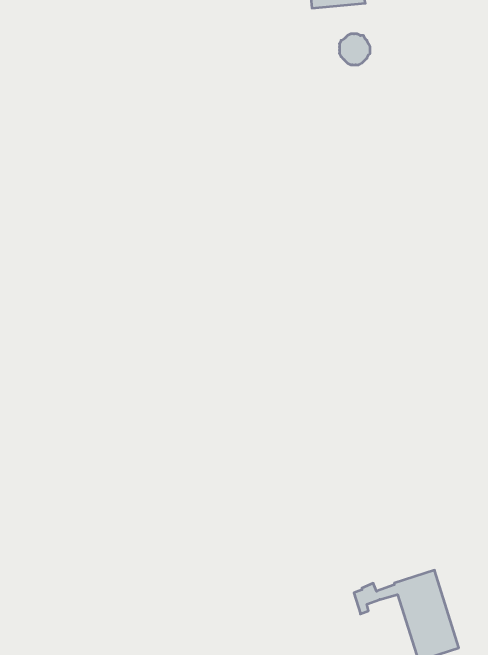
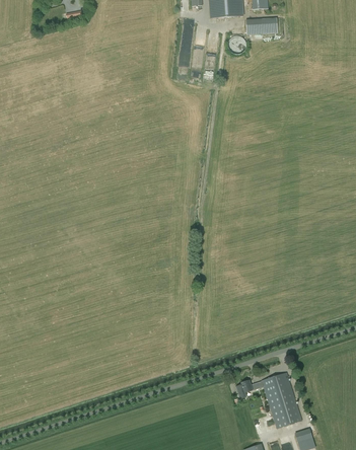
building: none -> [245,17,277,33]

